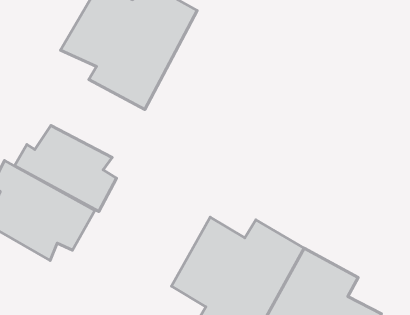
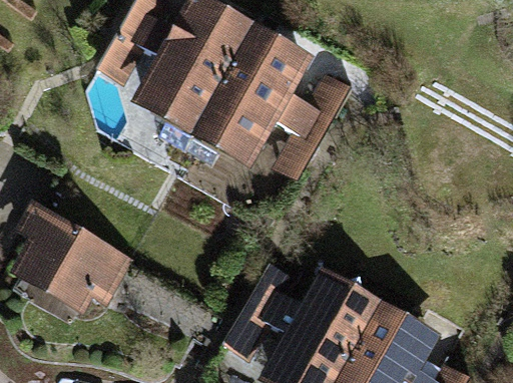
building: none -> [194,25,351,182]
building: [14,125,116,211] -> none

